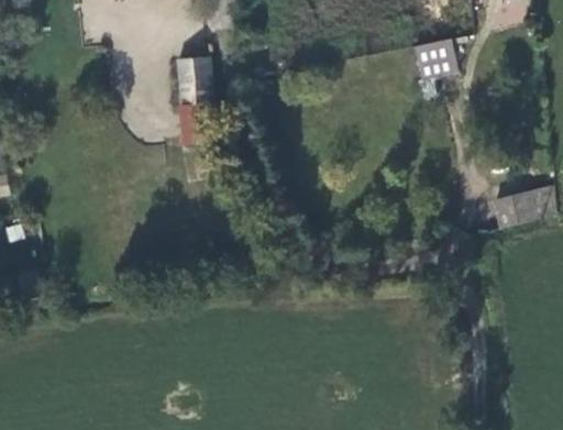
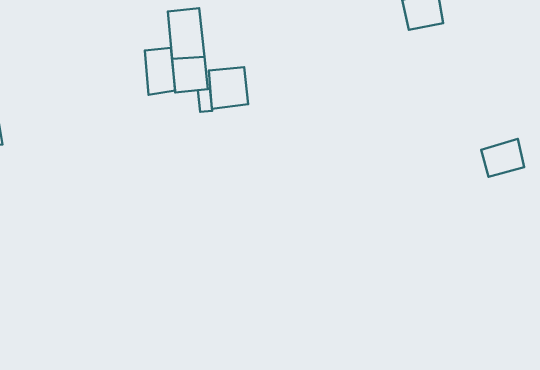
building: none -> [145,48,175,95]
building: none -> [209,67,248,109]

